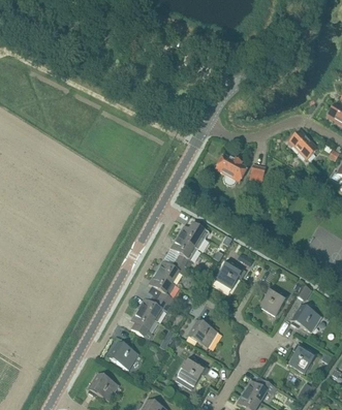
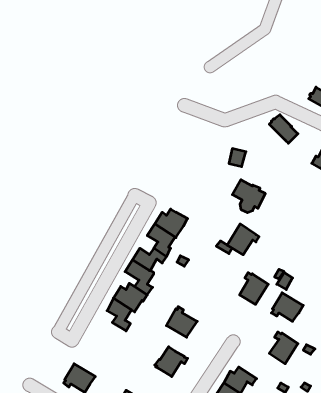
building: [215,154,247,186] -> [232,180,265,213]
building: [215,258,246,288] -> [227,224,259,255]
building: [108,339,138,370] -> none

